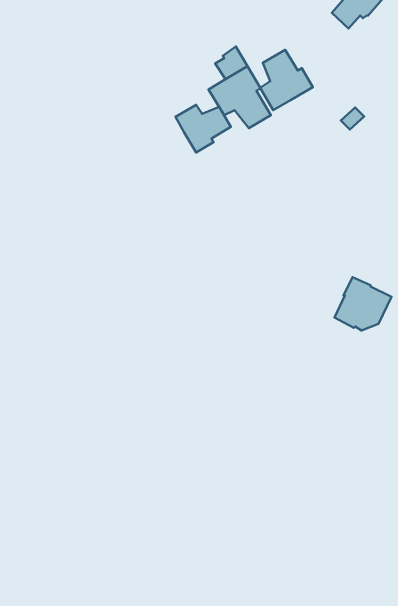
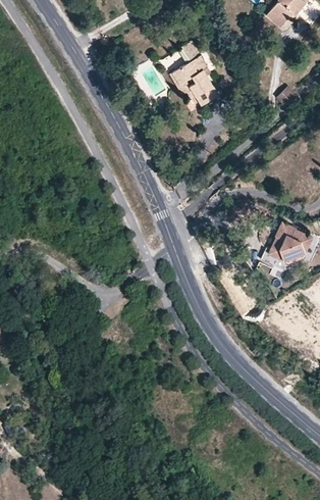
building: [260,50,313,110] -> none
building: [176,105,231,152] -> none

